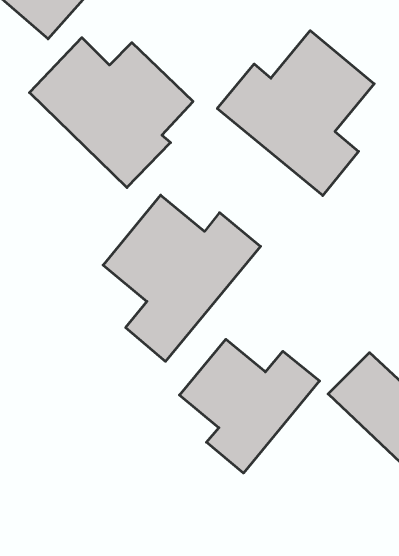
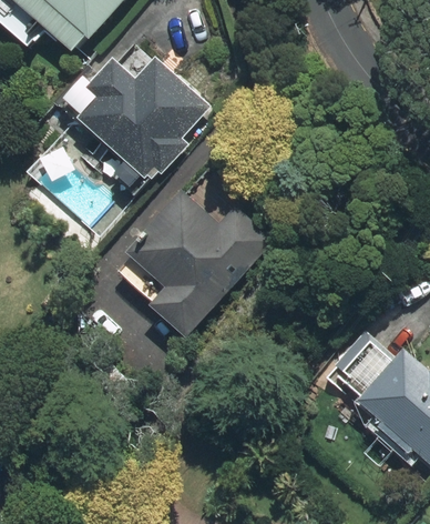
building: [217,31,374,196] -> none
building: [179,339,320,473] -> none

